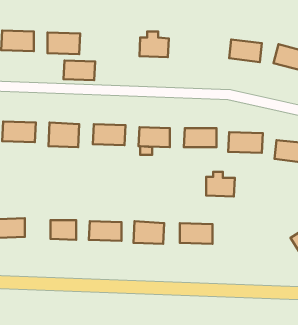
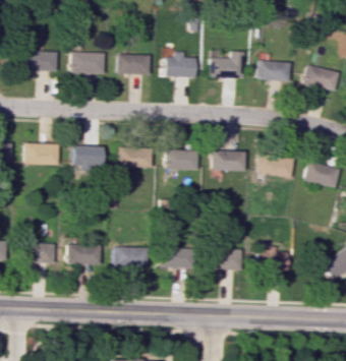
building: none -> [210,51,244,78]
building: [63,61,95,80] -> [117,54,150,74]
building: [206,172,235,197] -> [257,246,287,272]

